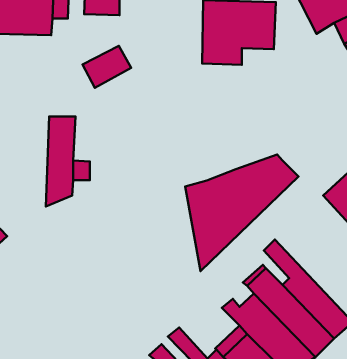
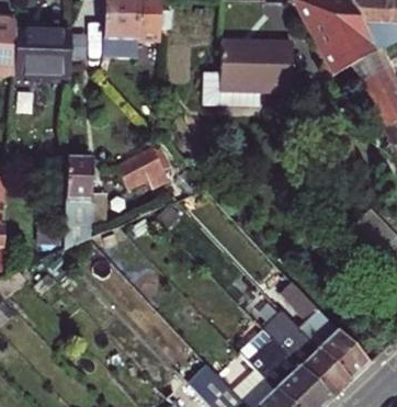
building: [83,46,131,88] -> [116,146,165,188]
building: [185,155,299,271] -> none

